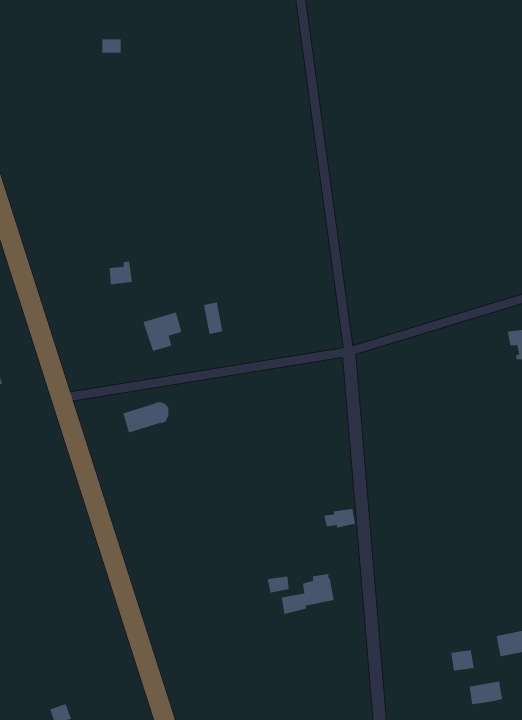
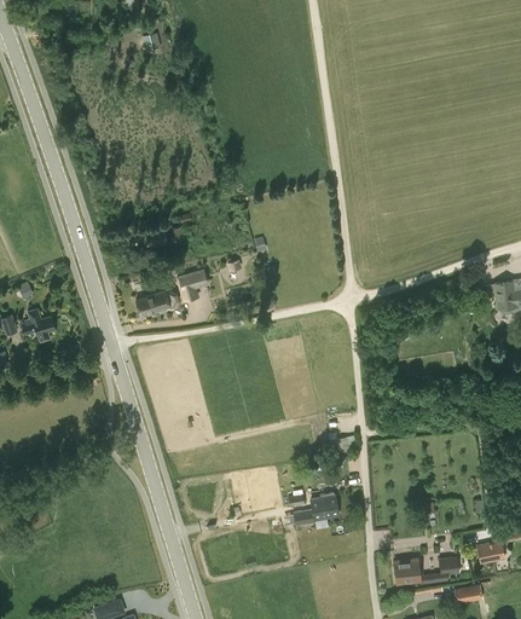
building: [122,402,169,433] -> [137,289,176,316]
building: none -> [393,559,421,583]

